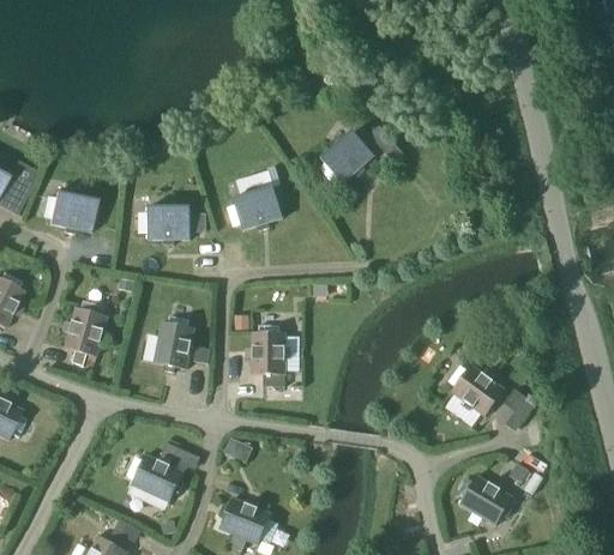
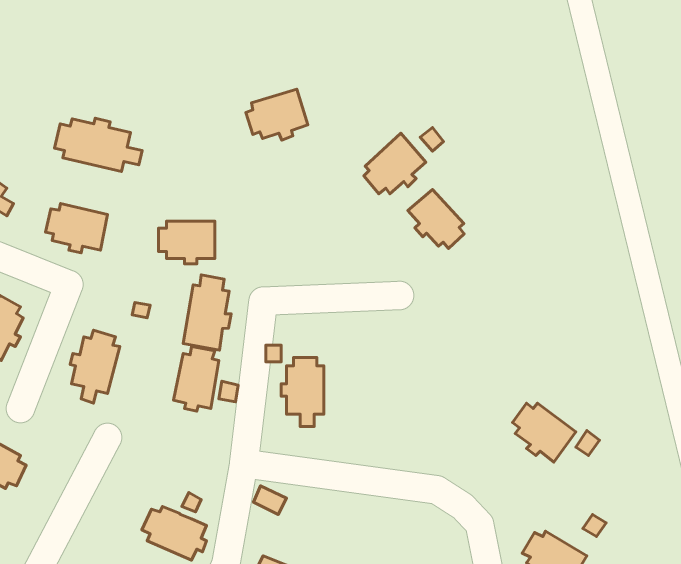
building: none -> [55,118,142,171]
building: none -> [408,190,464,248]
building: [228,186,282,230] -> [246,89,308,140]
building: none -> [183,275,231,350]

